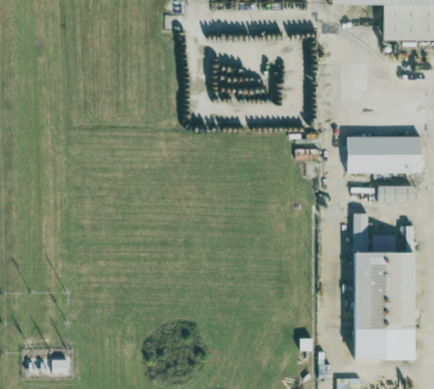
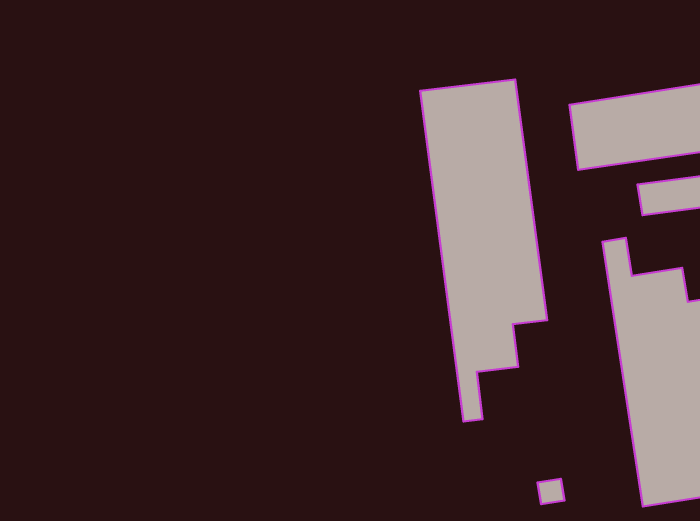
building: none -> [420,80,547,422]

